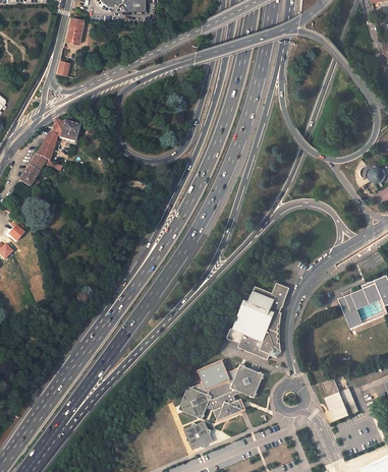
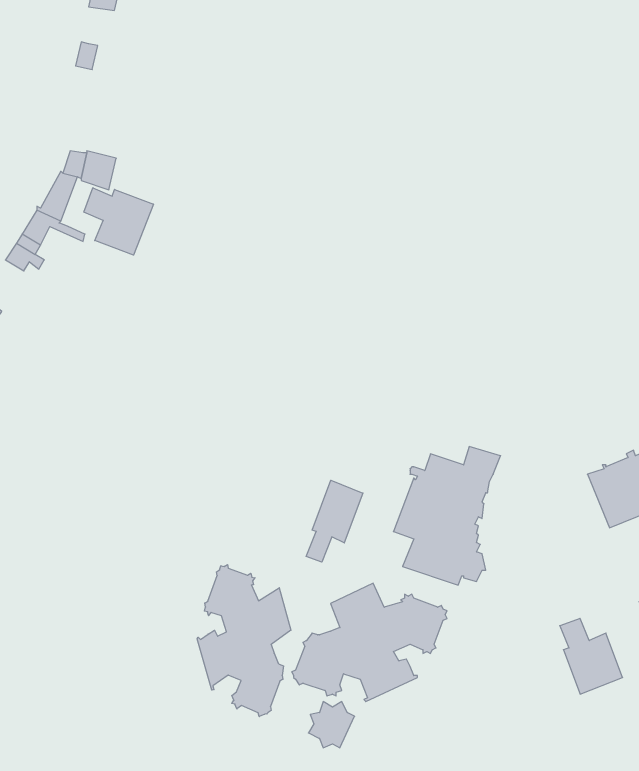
building: none -> [84,188,153,255]
building: none -> [306,480,363,562]
building: none -> [197,565,291,717]

